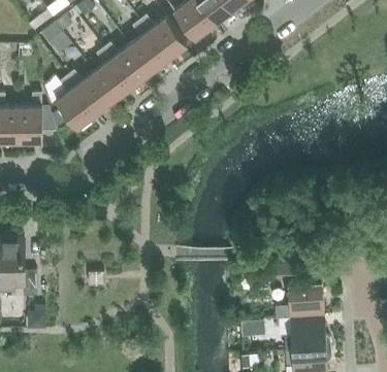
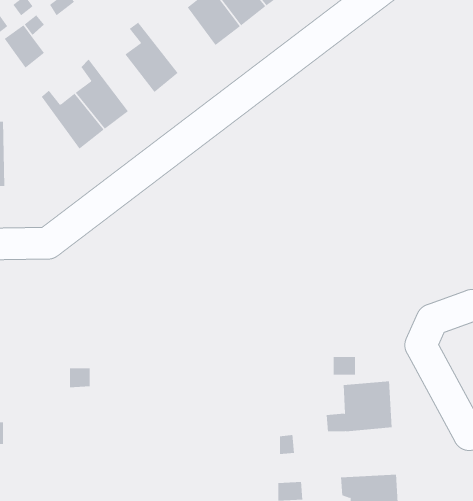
building: [138,15,186,59] -> none
building: [102,43,150,87] -> none
building: [56,76,95,129] -> none
building: [284,316,326,352] -> none

